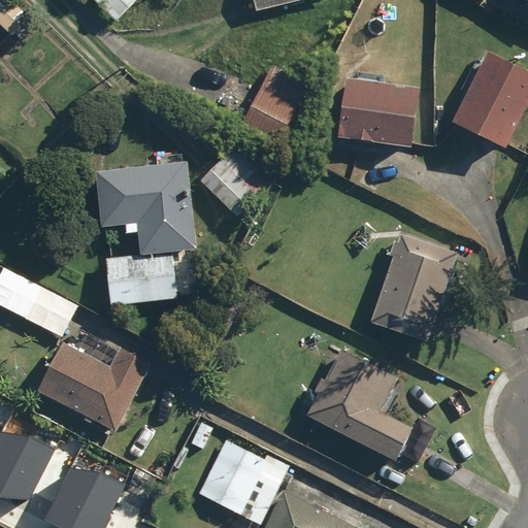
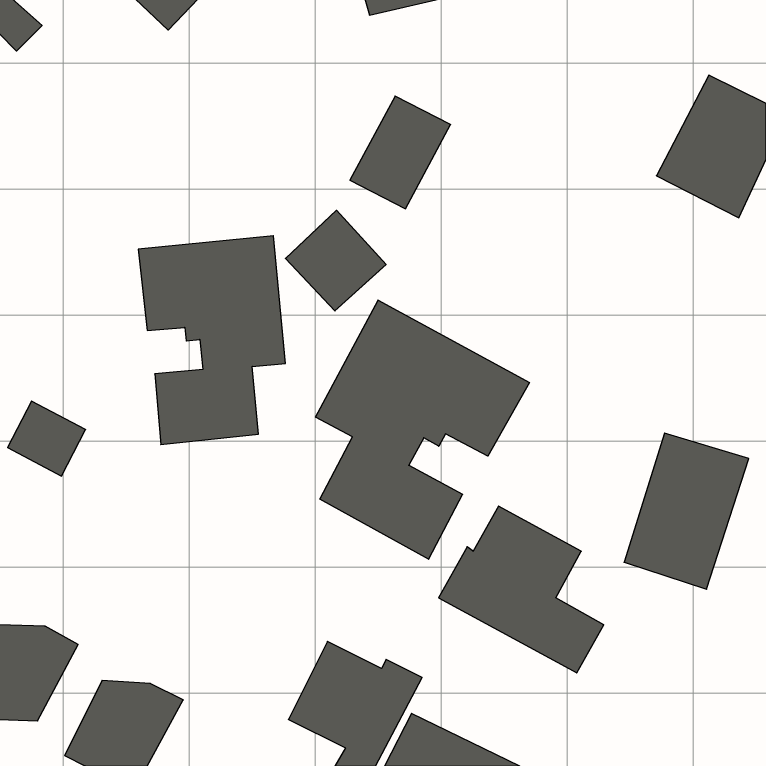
building: [336,79,419,147] -> none
building: none -> [315,300,529,559]
building: [370,235,456,342] -> [624,433,749,589]
building: [39,342,152,431] -> none

